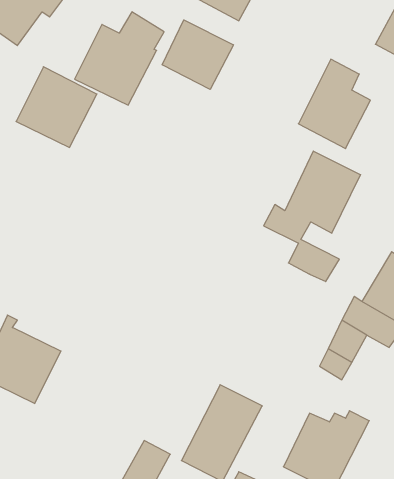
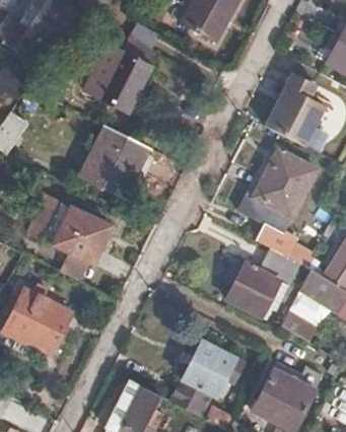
building: [162,20,233,89] -> none
building: [16,67,97,147] -> [82,126,148,192]
building: none -> [39,201,110,265]
building: none -> [226,249,299,316]

